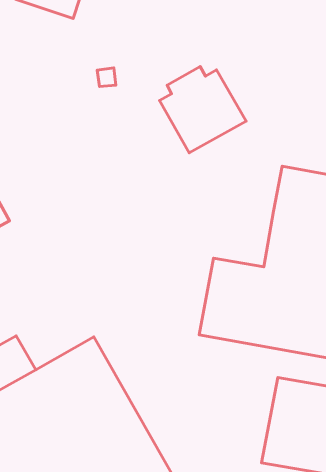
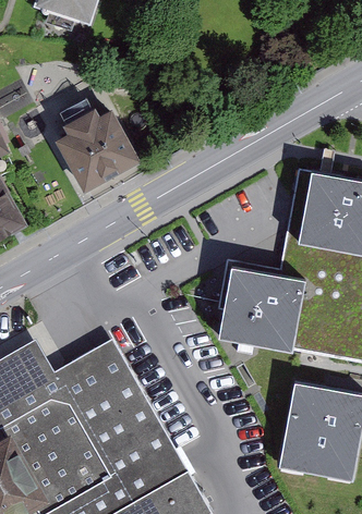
building: [160,66,246,153] -> [53,110,140,196]

